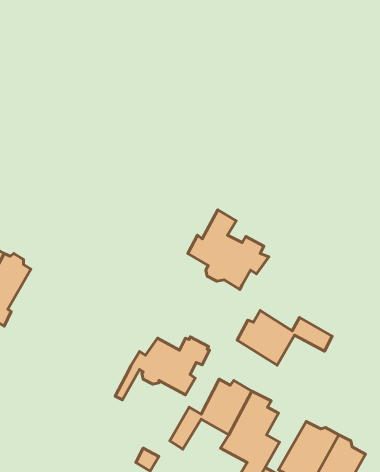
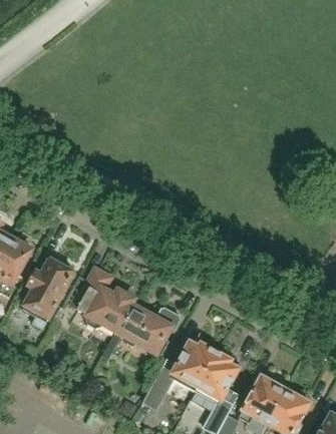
building: [188,210,269,290] -> [70,268,137,334]
building: none -> [22,258,73,328]
building: [237,311,332,365] -> none

